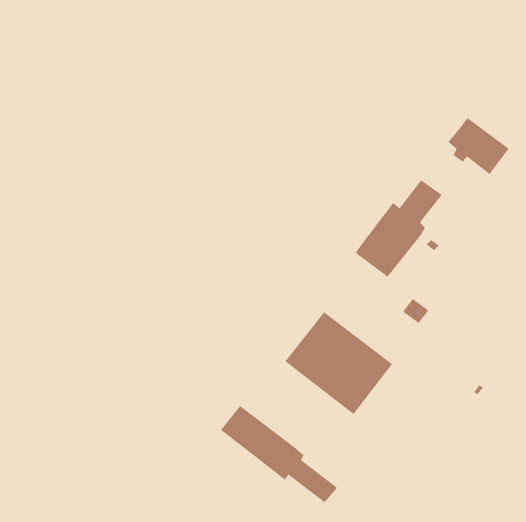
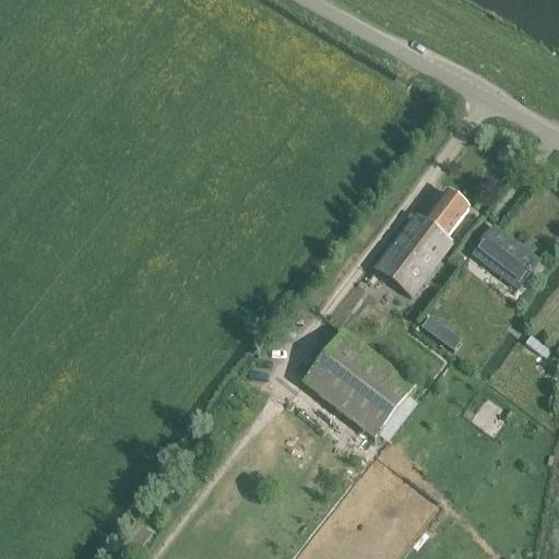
building: [448,117,509,175] -> [473,226,538,287]
building: [220,405,338,503] -> none

